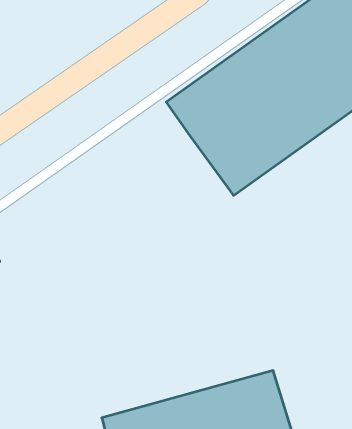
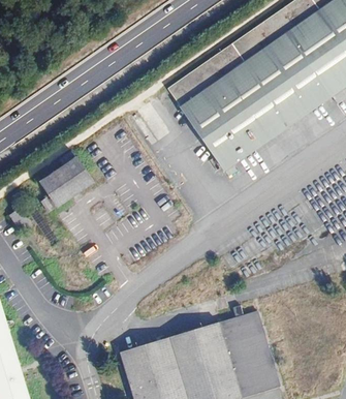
building: none -> [38,156,91,206]

